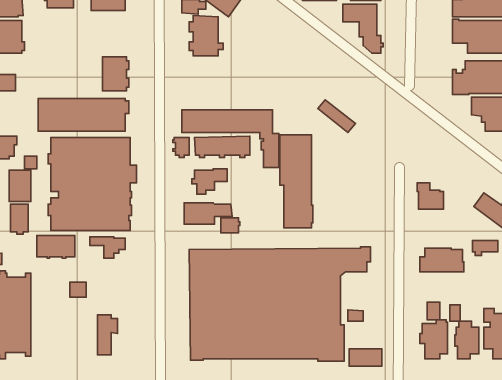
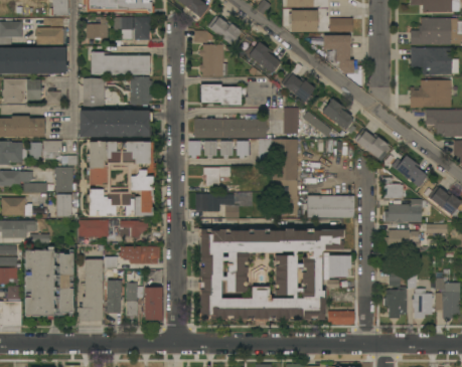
building: none -> [249,42,281,73]
building: none -> [92,52,150,74]
building: none -> [281,72,315,102]
building: none -> [80,79,105,107]
building: none -> [201,83,246,107]
building: none -> [322,99,354,131]
building: none -> [284,108,299,135]
building: none -> [354,129,391,161]
building: none -> [392,156,428,187]
building: none -> [303,196,354,217]
building: none -> [384,199,426,223]
building: none -> [121,246,160,264]
building: none -> [325,254,351,278]
building: none -> [80,259,103,321]
building: none -> [108,281,122,314]
building: none -> [145,288,163,323]

